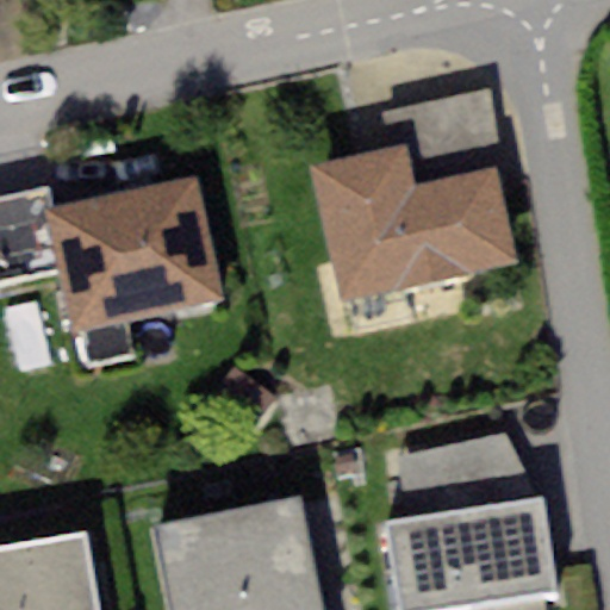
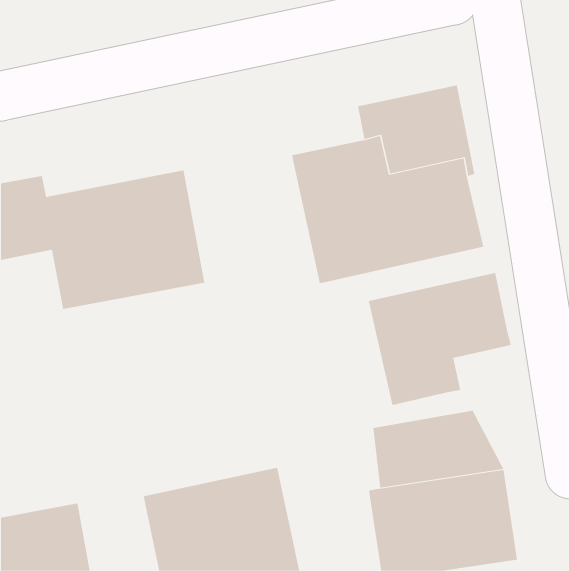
building: none -> [368,272,512,406]

